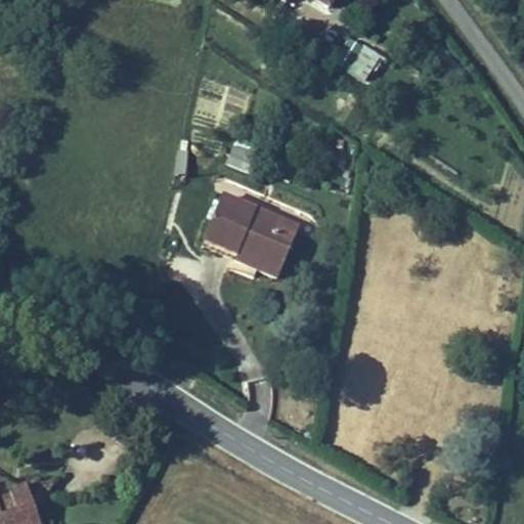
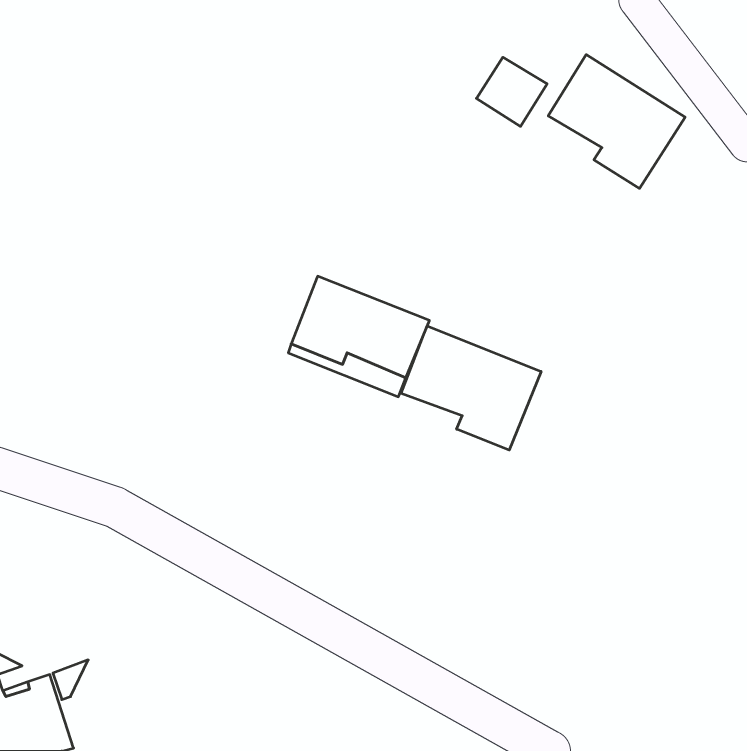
building: none -> [548,55,685,188]
building: none -> [401,326,541,450]

